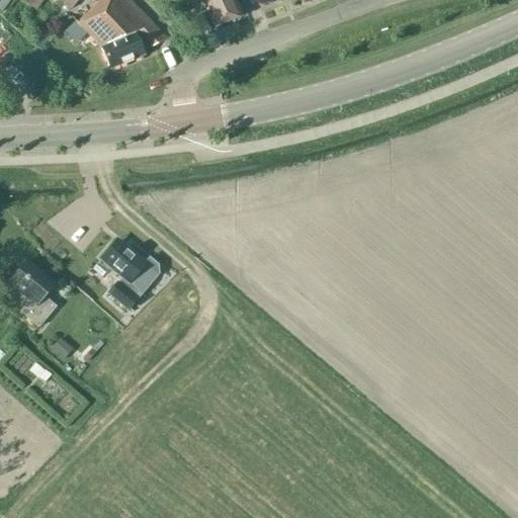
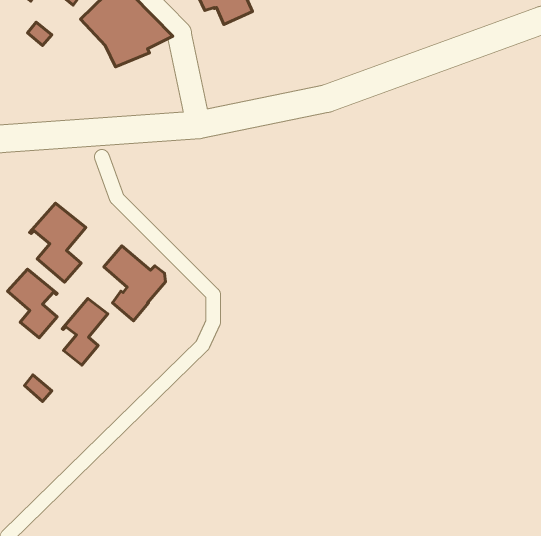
building: none -> [30,203,86,282]
building: none -> [62,298,108,365]

